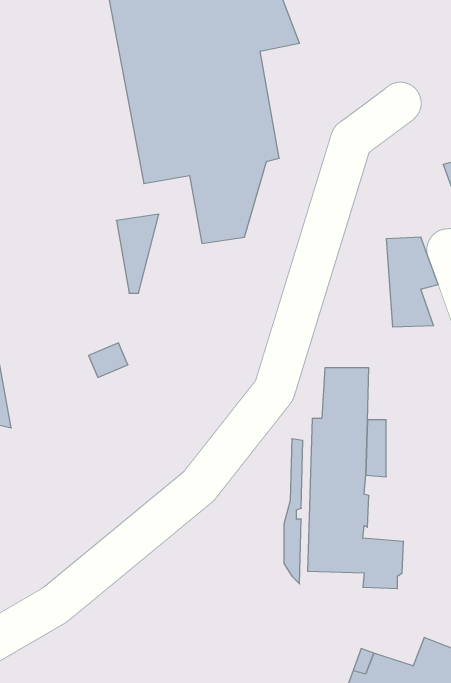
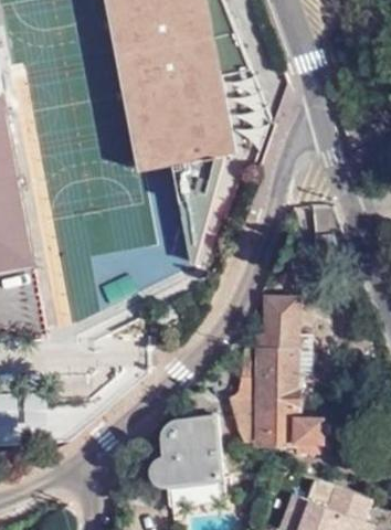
building: [116,214,159,293] -> [179,205,209,261]
building: none -> [151,414,221,507]

